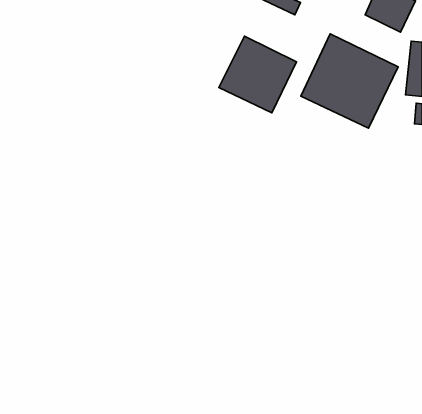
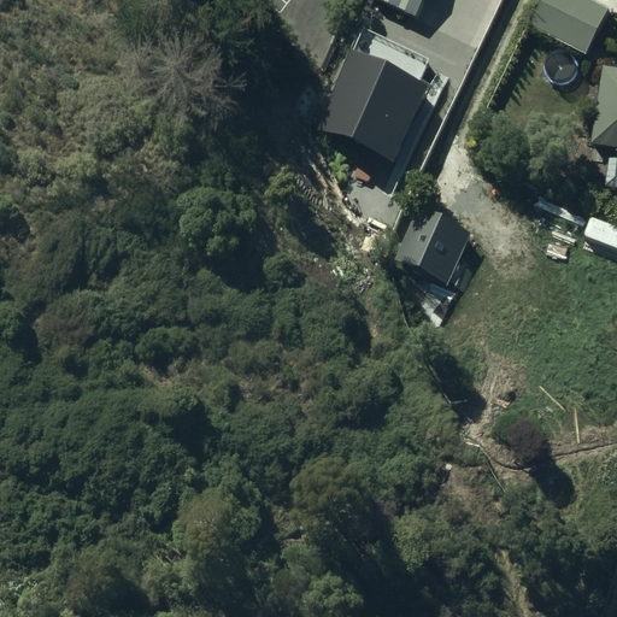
building: [301,34,398,128] -> none
building: none -> [398,204,470,277]

